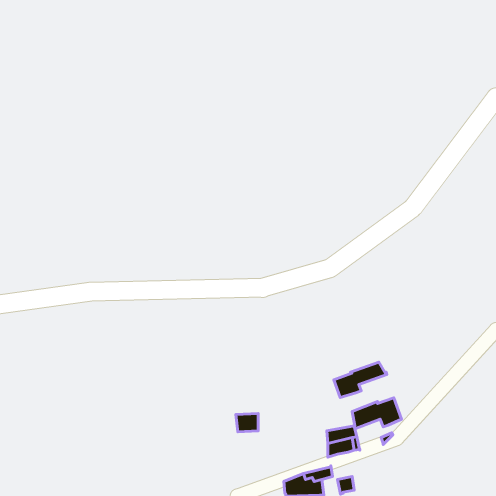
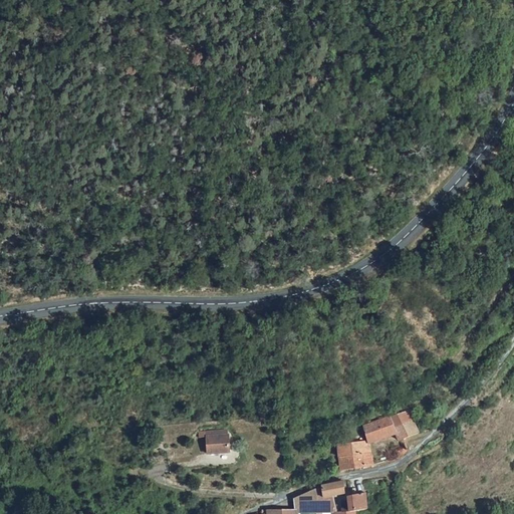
building: [334,362,387,398] -> none
building: [236,413,258,432] -> [206,431,229,450]

